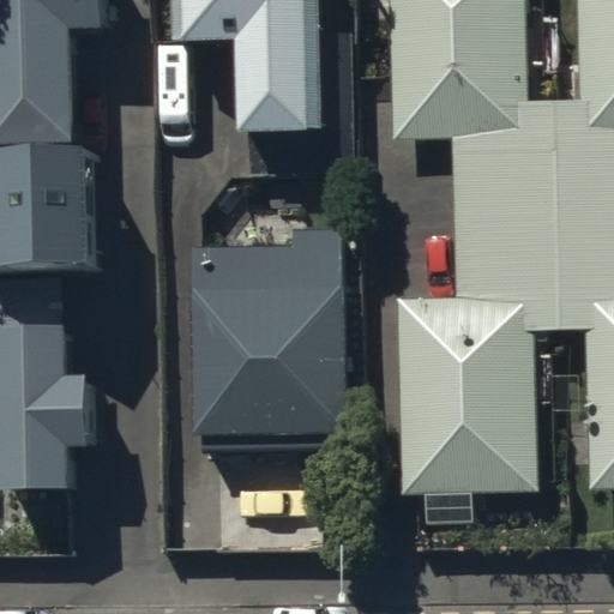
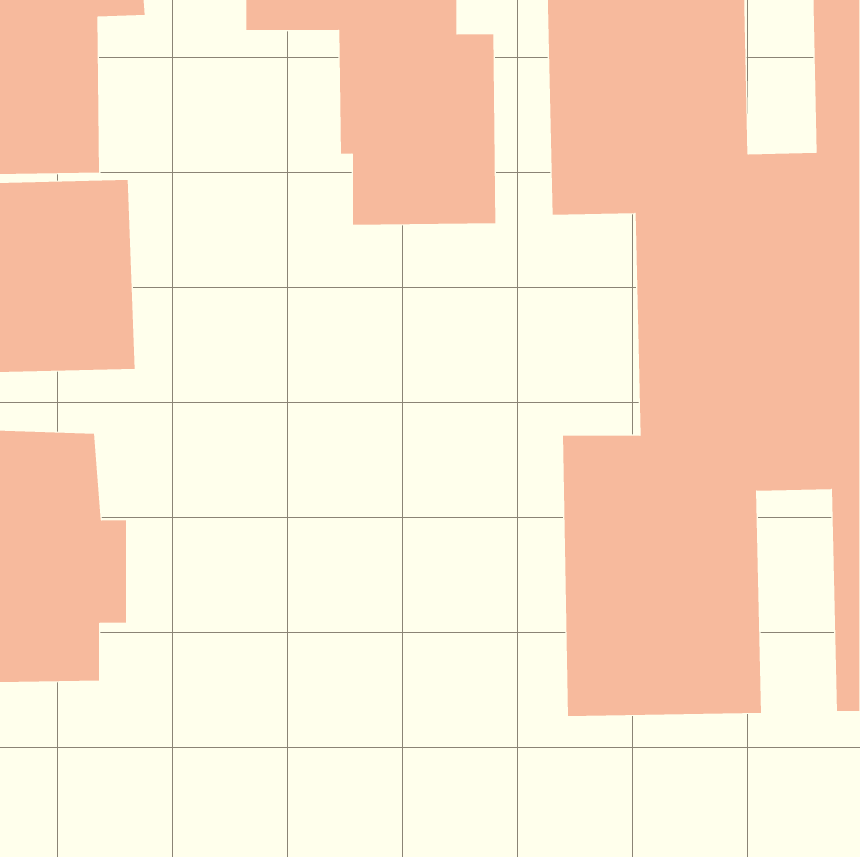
building: [197,224,345,432] -> none

